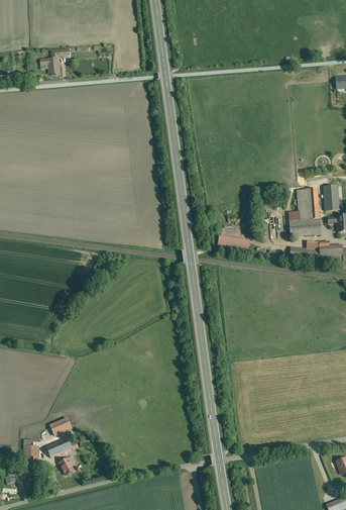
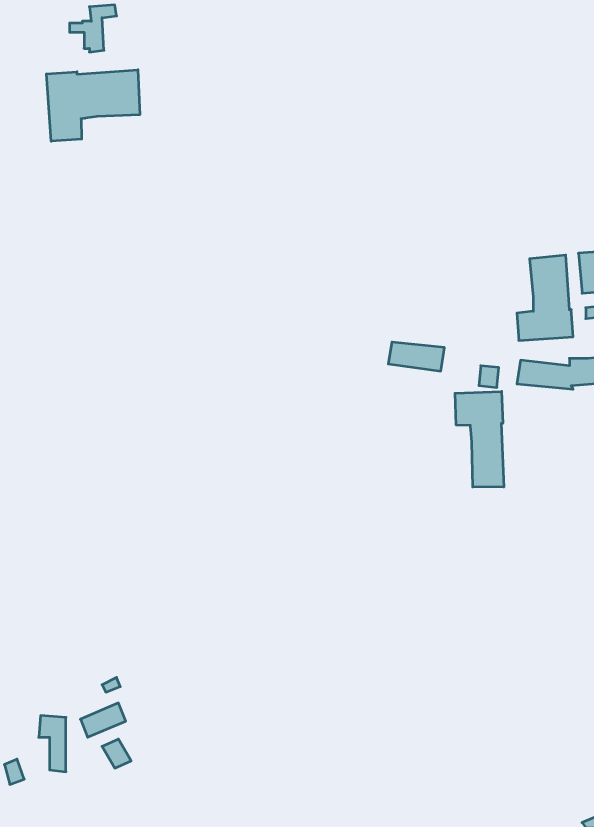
building: none -> [46,70,140,141]
building: none -> [455,391,504,487]

